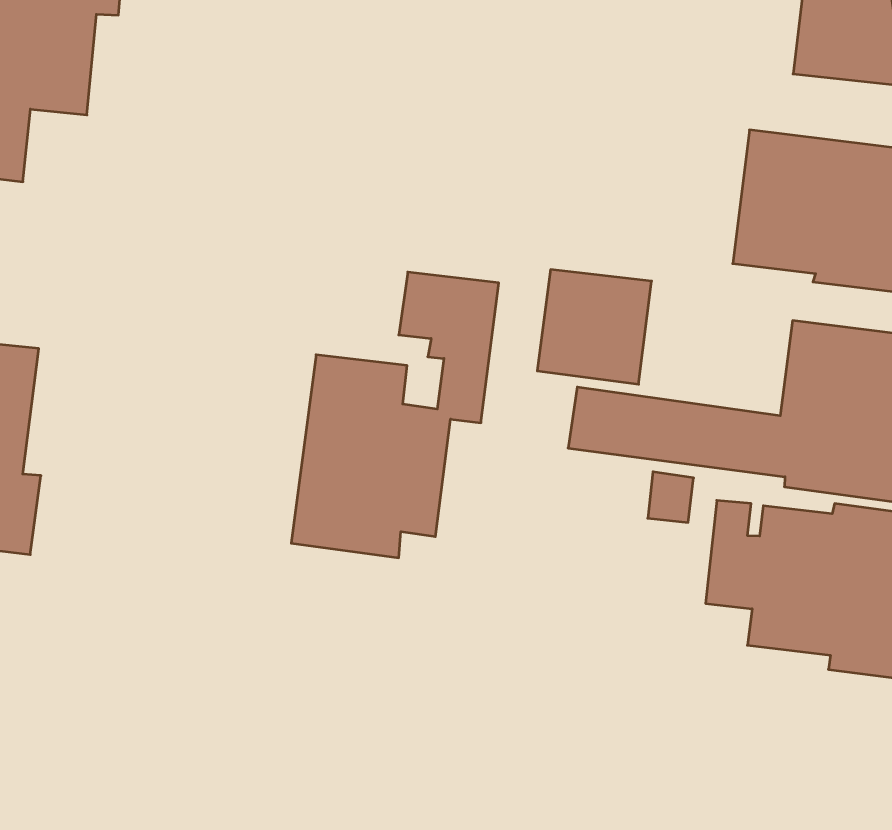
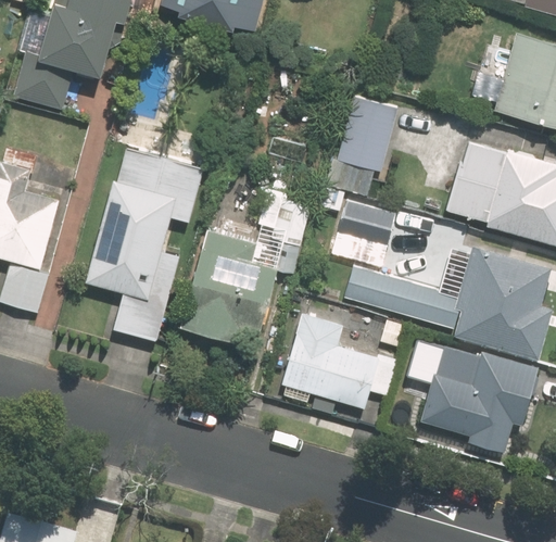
building: none -> [321,97,400,199]
building: none -> [87,122,211,341]
building: none -> [280,313,395,409]

